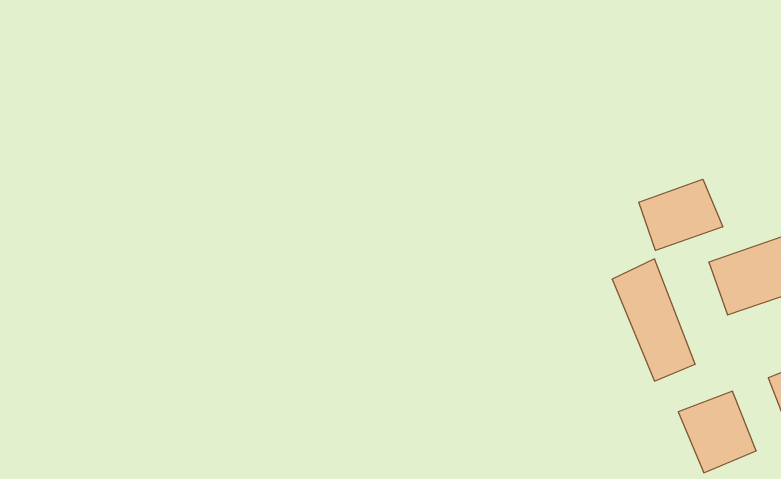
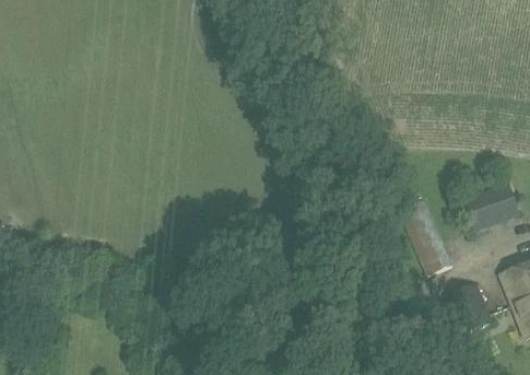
building: [639,179,723,250] -> none

